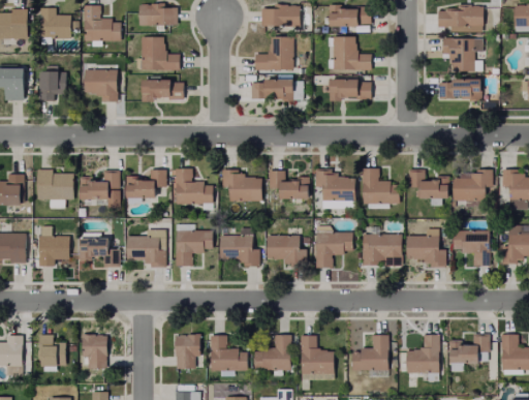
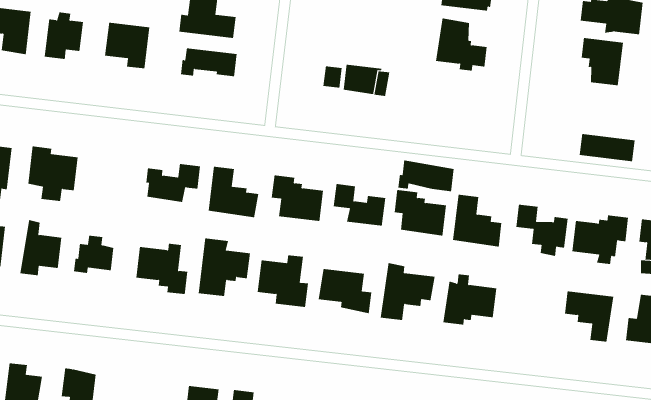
building: [255,36,292,72] -> none
building: [331,80,372,101] -> [398,160,455,192]
building: [439,82,480,98] -> [579,134,636,162]
building: [82,170,120,208] -> none
building: [407,228,446,267] -> none

